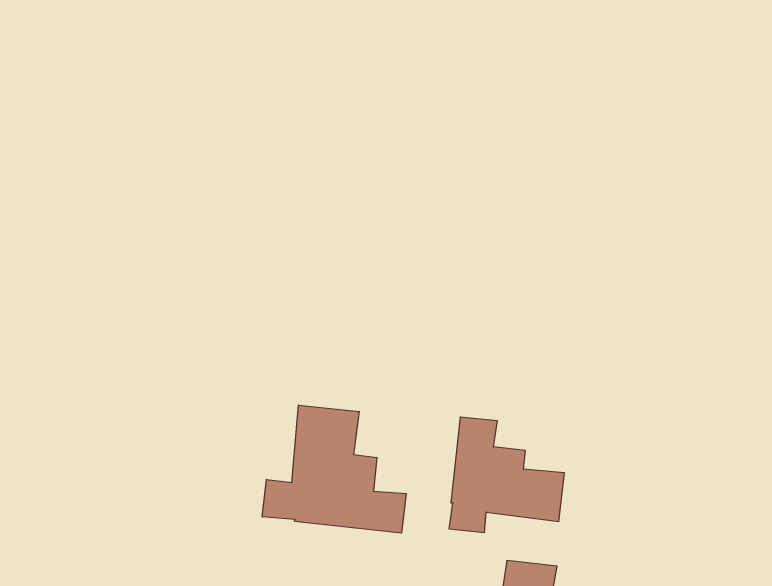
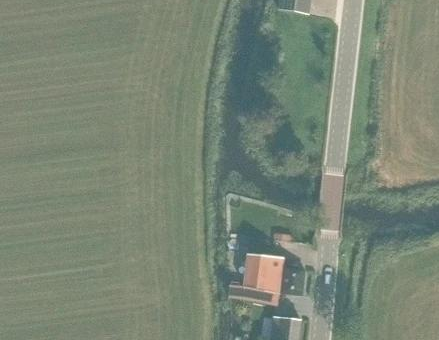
building: [262,405,406,533] -> none

